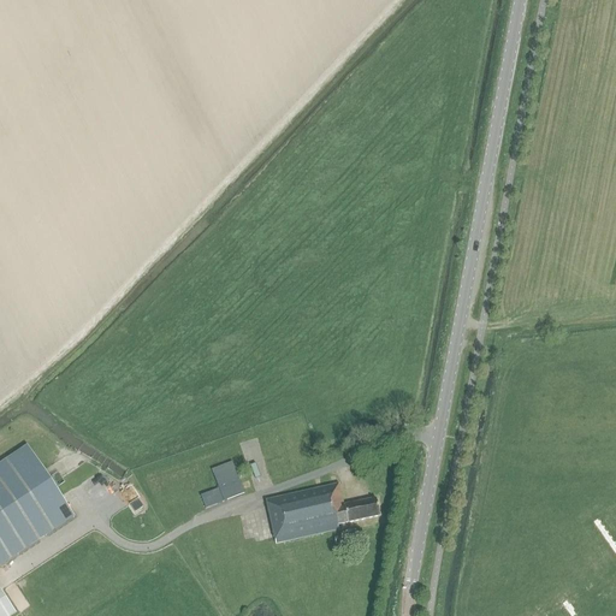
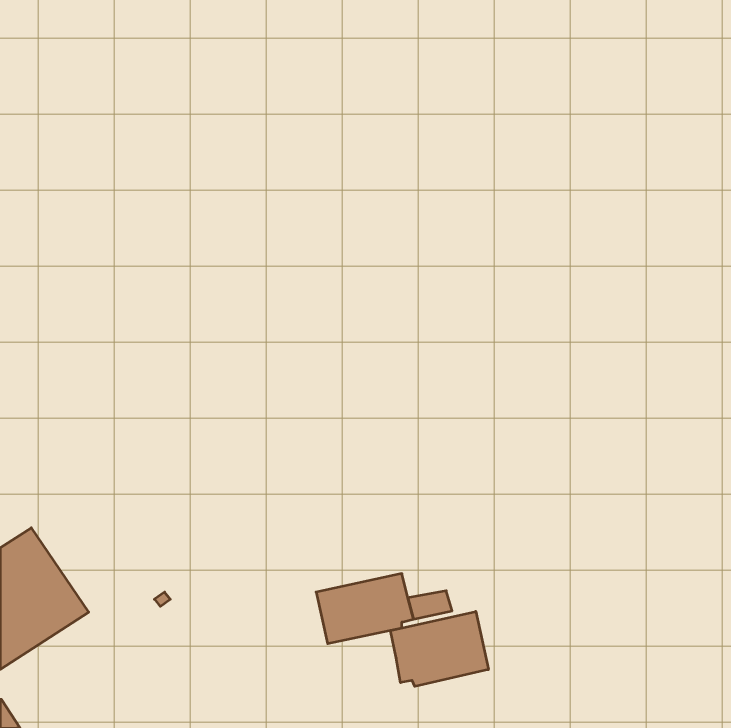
building: [200,460,244,507] -> none
building: none -> [391,611,488,686]

